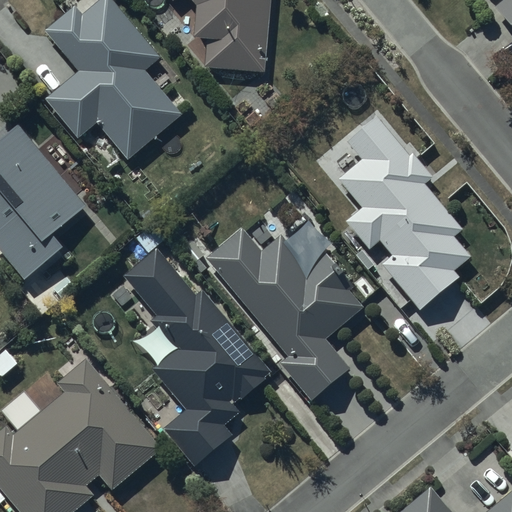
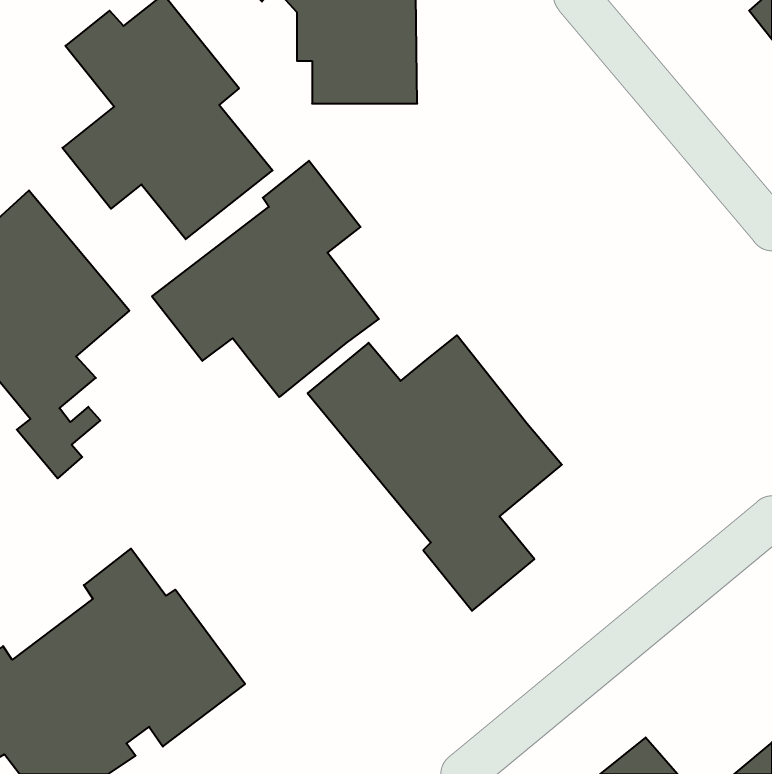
building: none -> [152,161,379,397]
building: [336,115,473,315] -> none
building: [120,247,273,468] -> none

